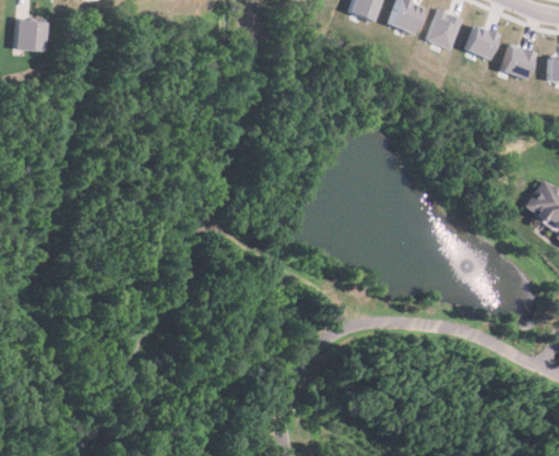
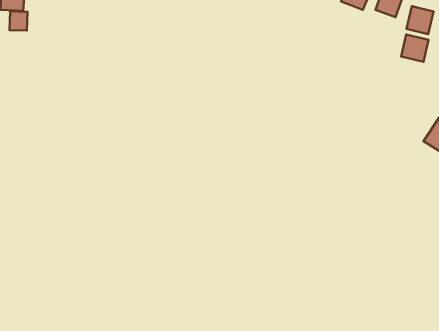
building: none -> [9,11,27,31]
building: none -> [401,34,428,62]

